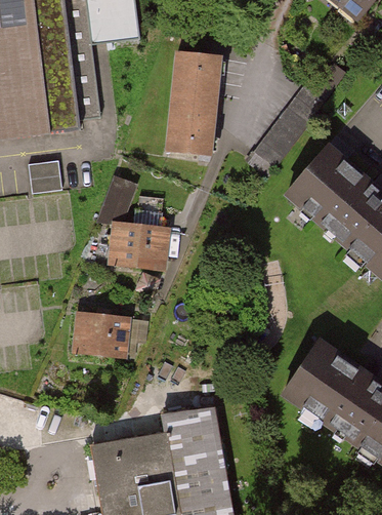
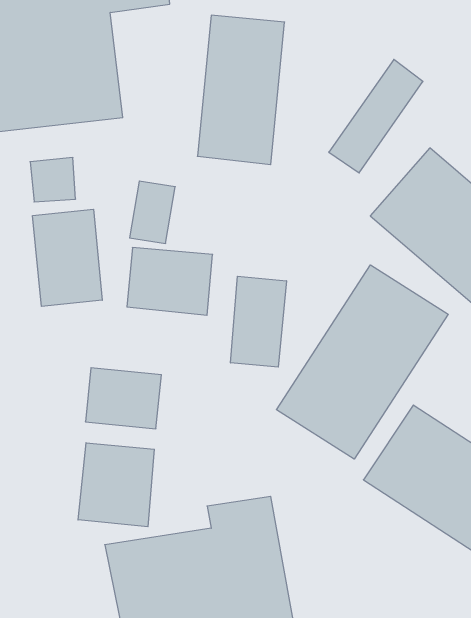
building: none -> [33,209,102,306]
building: none -> [276,265,448,459]
building: none -> [231,276,286,367]
building: none -> [78,443,154,527]

